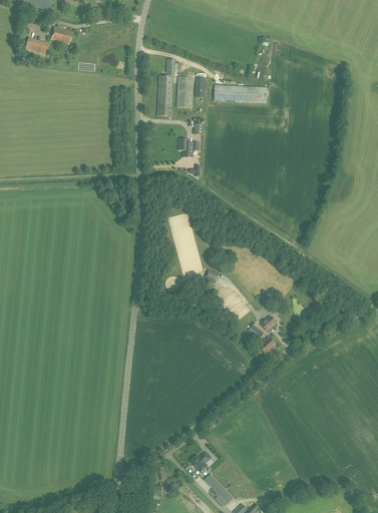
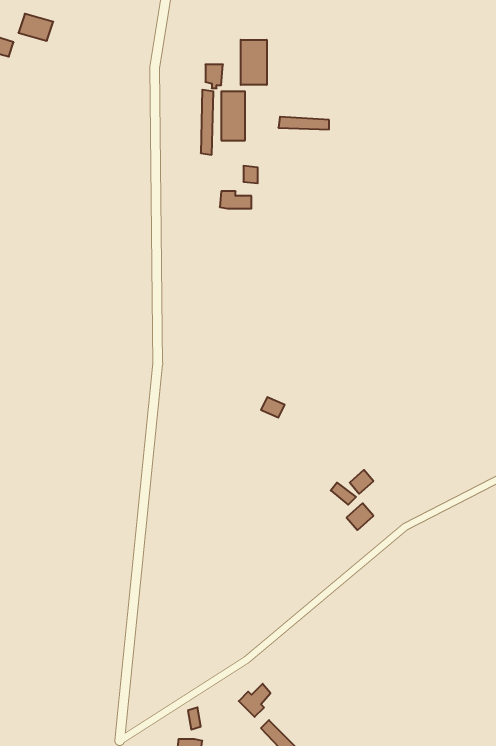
building: none -> [241,40,267,85]

